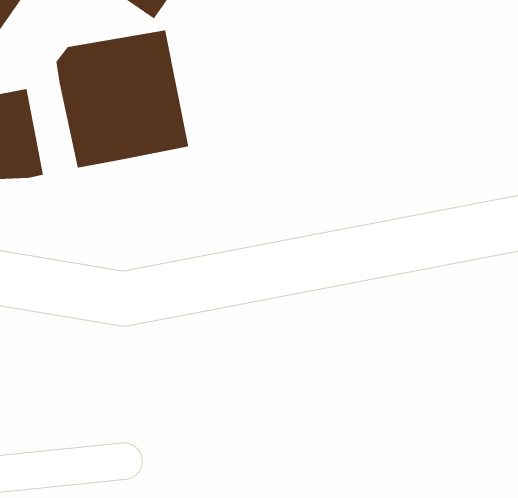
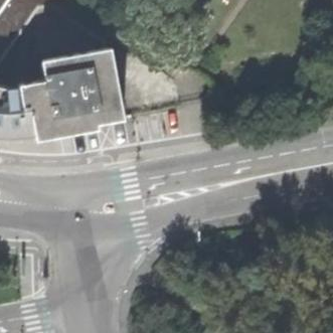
building: none -> [26,80,56,136]

